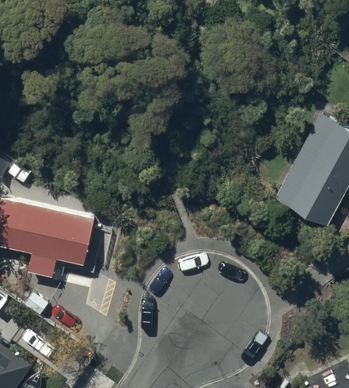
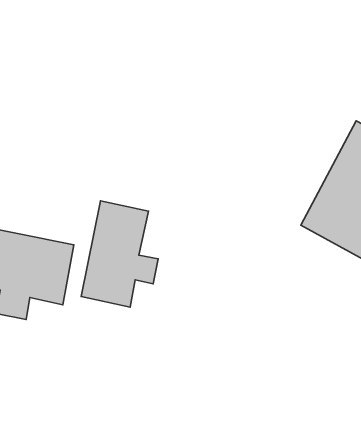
building: none -> [81,201,158,307]

